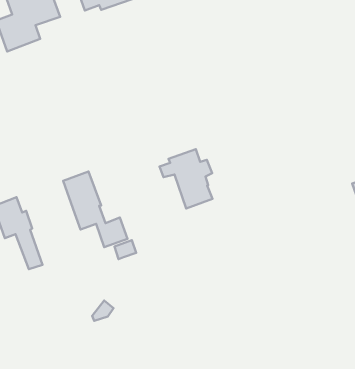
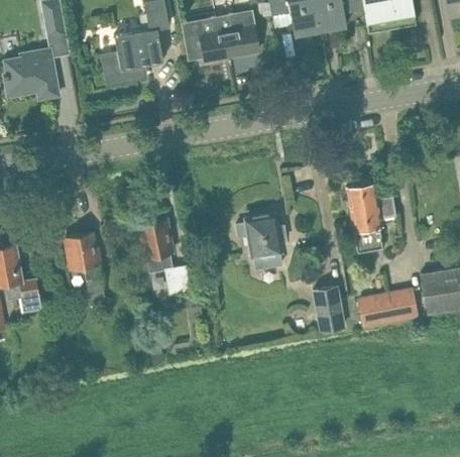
building: none -> [346,182,394,252]
building: none -> [364,292,408,324]
building: none -> [313,287,344,330]

